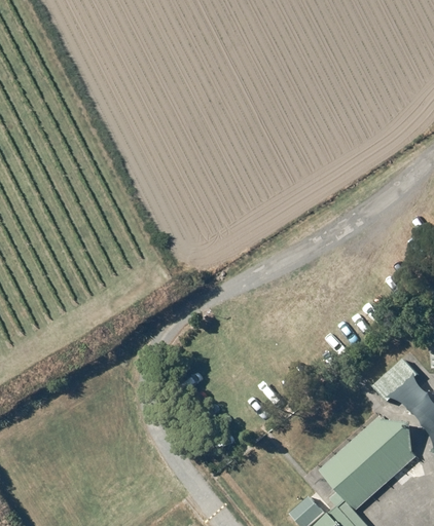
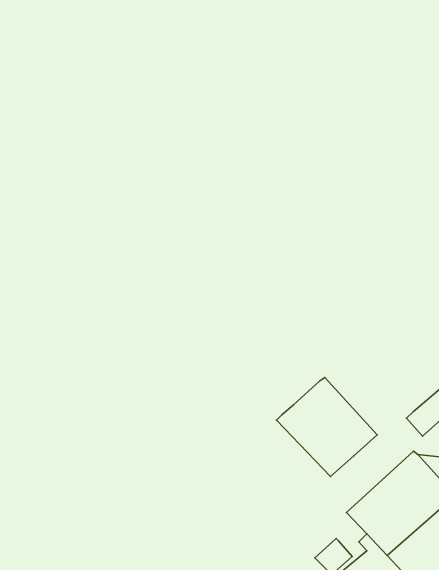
building: none -> [277,377,377,477]

